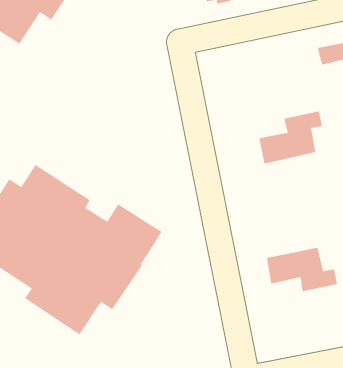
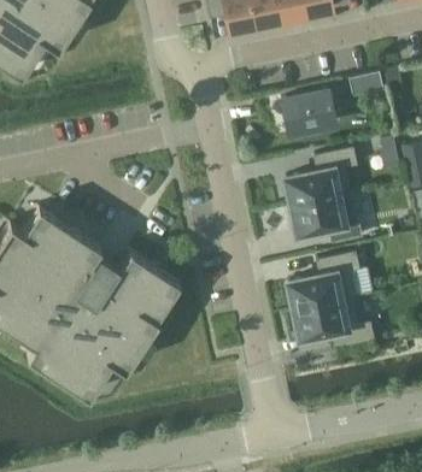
building: none -> [283,92,336,135]
building: none -> [294,195,364,244]
building: none -> [291,254,362,312]

